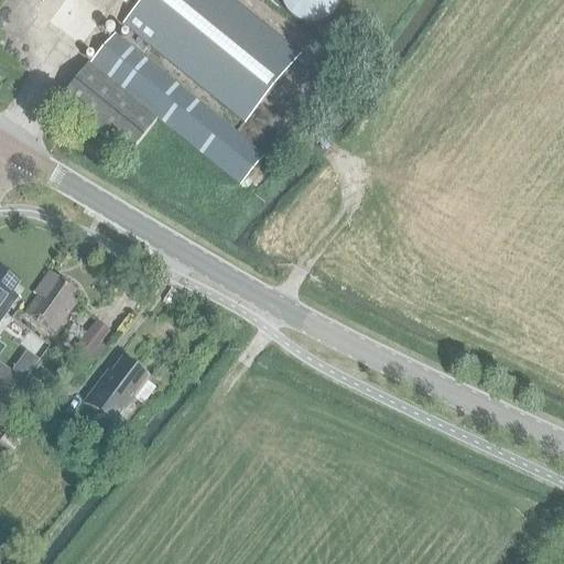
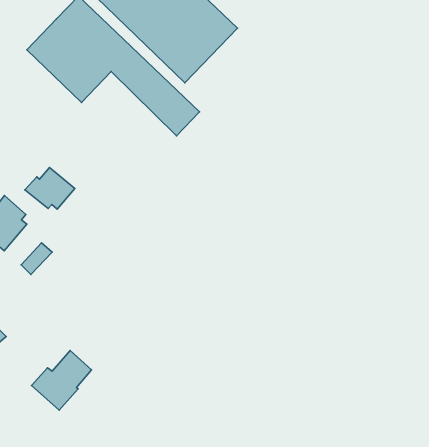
building: none -> [25,167,75,209]
building: [83,355,150,424] -> [32,351,91,410]

